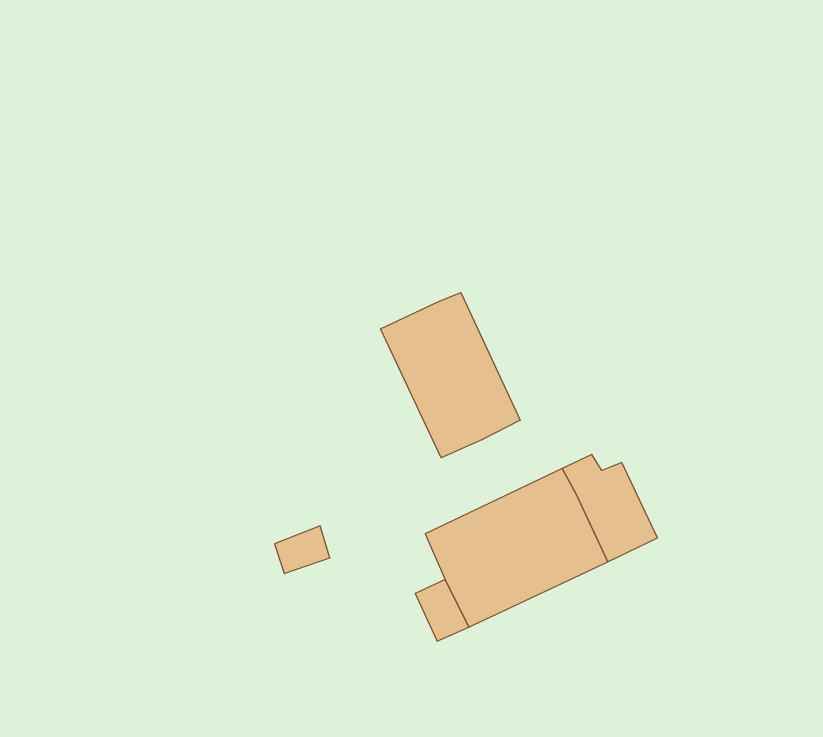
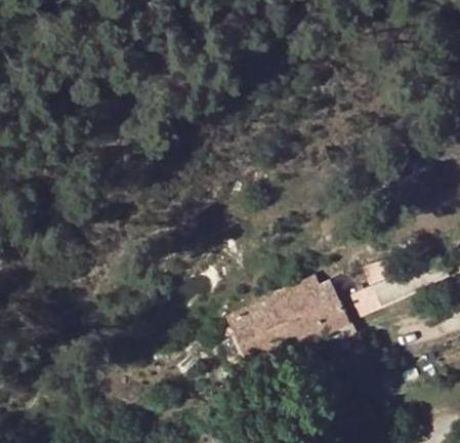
building: [381,293,520,458] -> none

